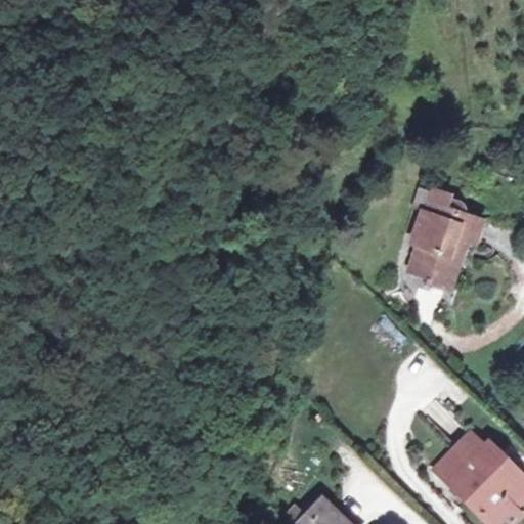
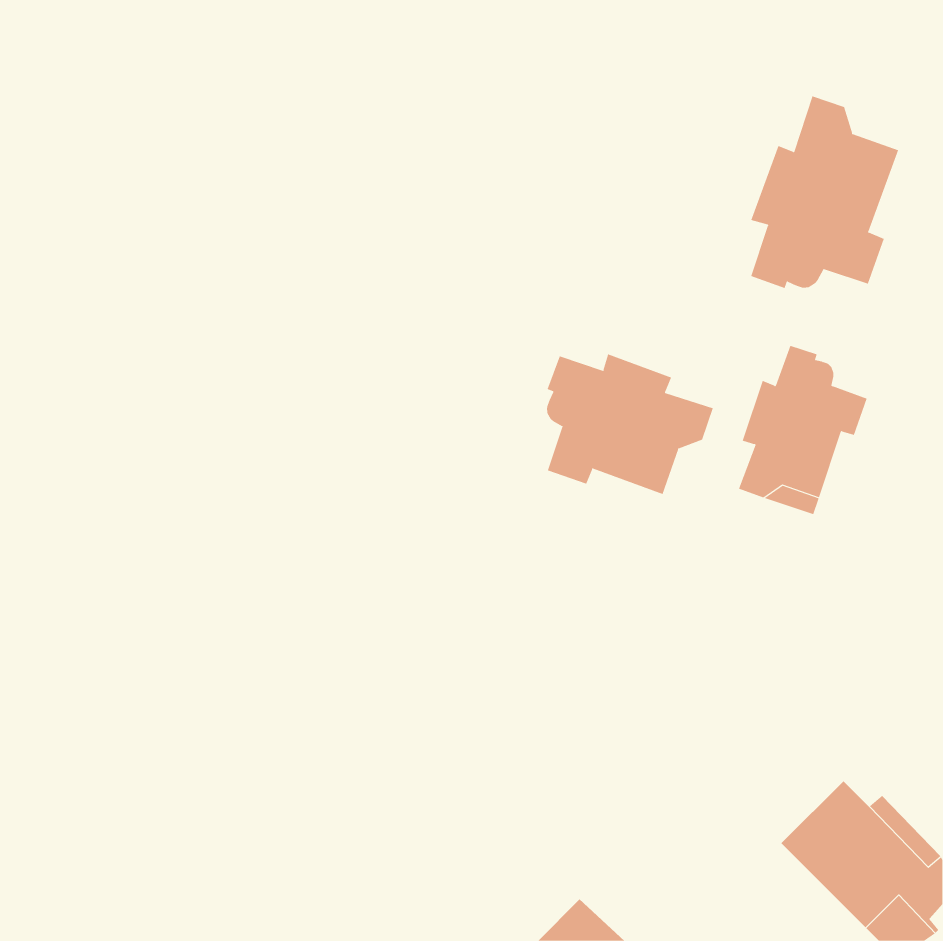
building: none -> [750,95,899,289]
building: none -> [547,353,714,495]

